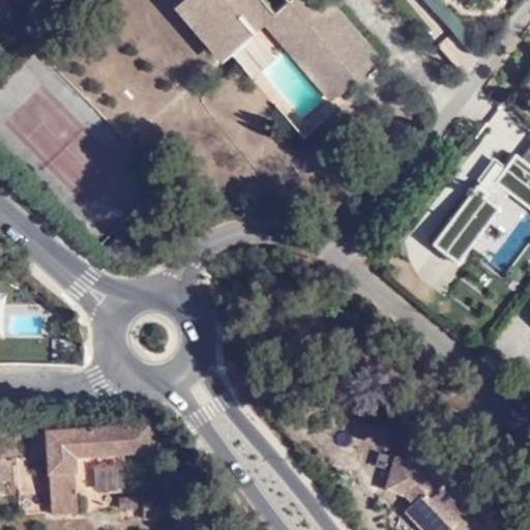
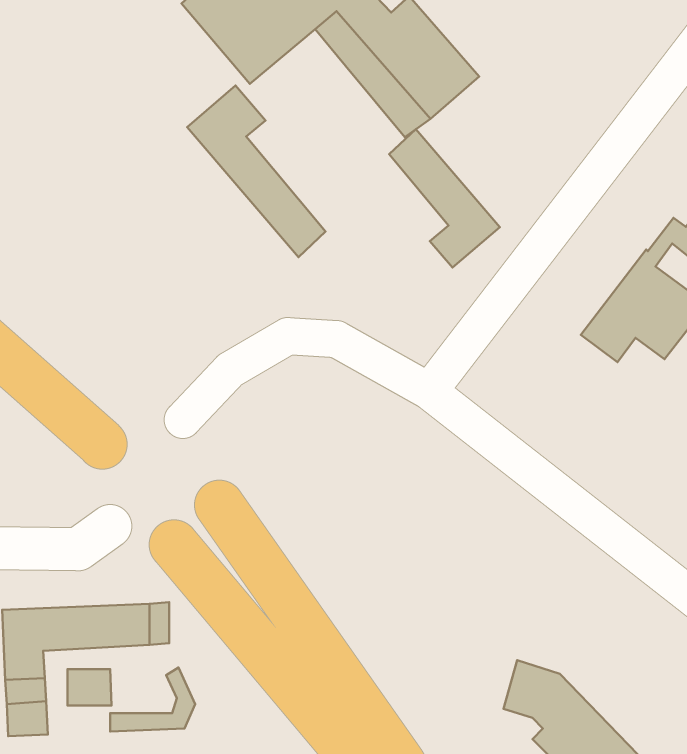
building: none -> [187,86,326,257]
building: none -> [389,129,500,267]

